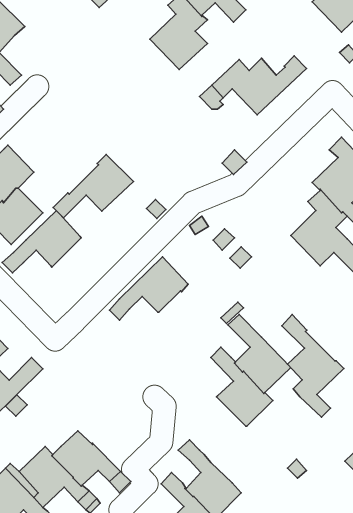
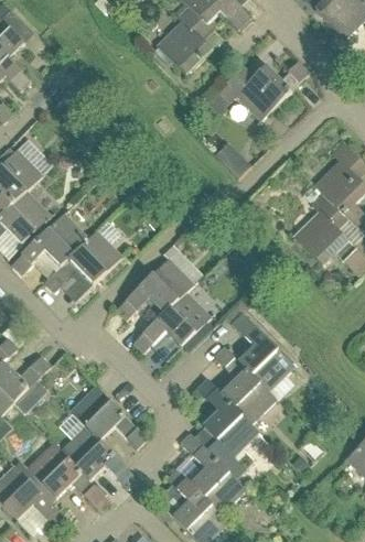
building: [53,155,133,218] -> [44,229,122,291]
building: none -> [132,291,211,351]
building: [282,314,344,417] -> [197,378,258,478]
building: none -> [69,386,147,446]

